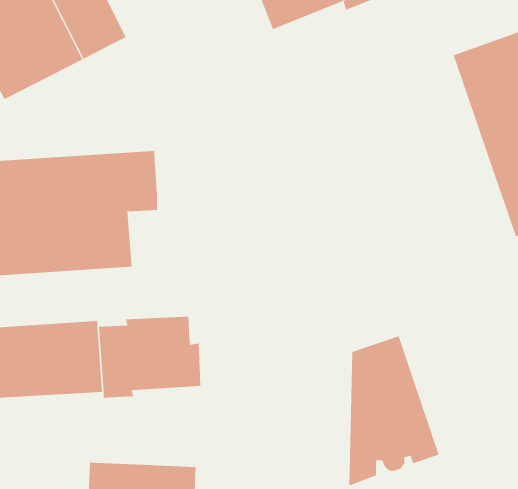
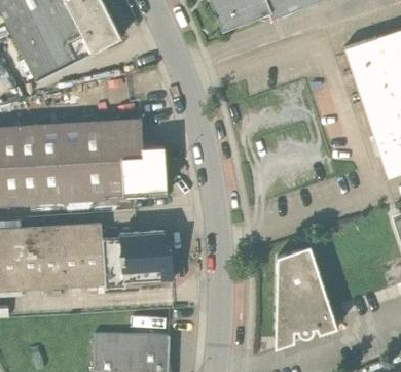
building: none -> [121,146,166,198]

